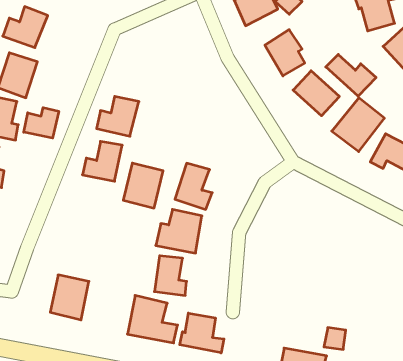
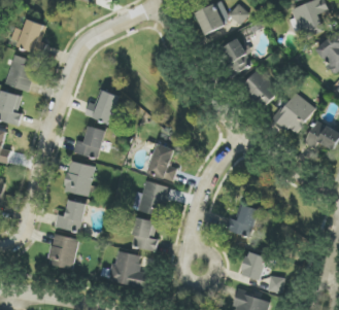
building: [326,54,376,96] -> none
building: [24,108,59,138] -> none
building: [123,163,163,208] -> [63,161,95,197]
building: none -> [55,200,86,232]
building: none -> [226,204,259,237]
building: none -> [241,251,267,280]
building: [180,313,224,353] -> none

